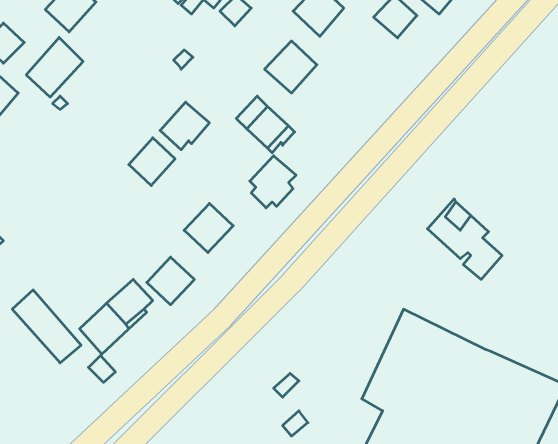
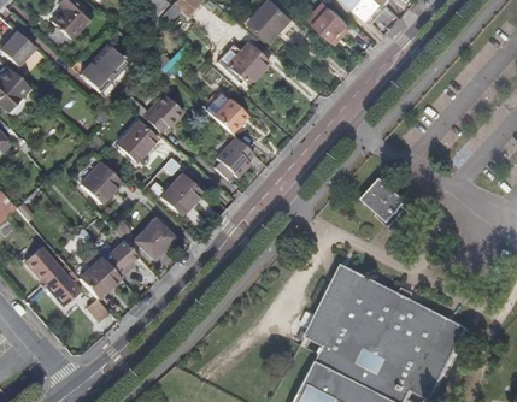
building: [26,37,83,97] -> [80,43,125,91]
building: none -> [75,158,121,202]

